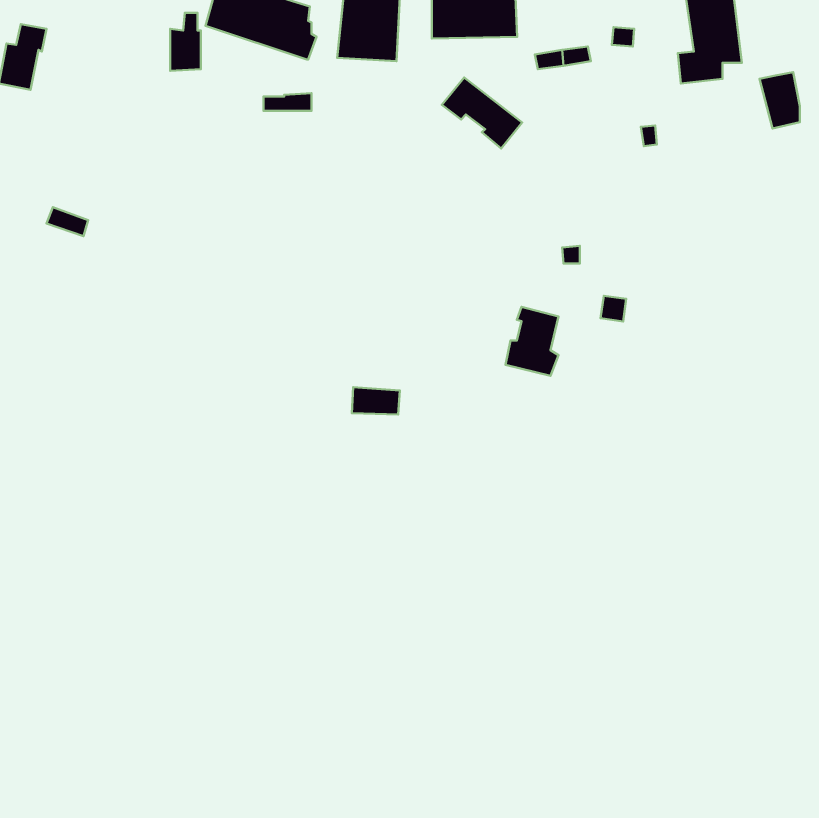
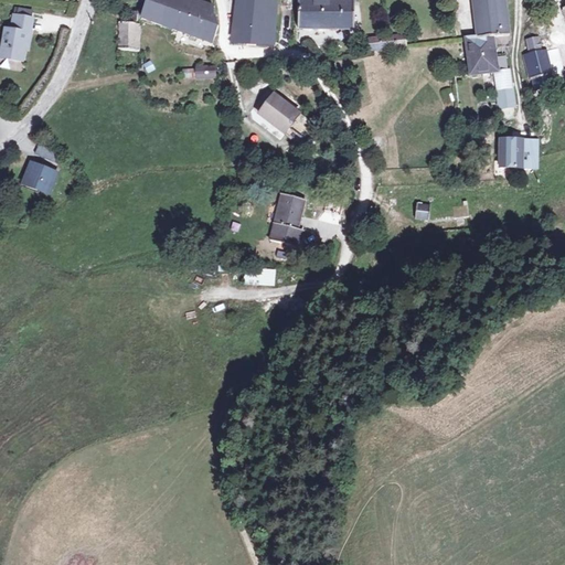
building: [442,78,522,148] -> [257,95,312,143]
building: none -> [468,54,513,106]
building: none -> [498,139,539,168]
building: none -> [25,162,56,189]
building: [506,307,559,376] -> [268,194,305,242]

